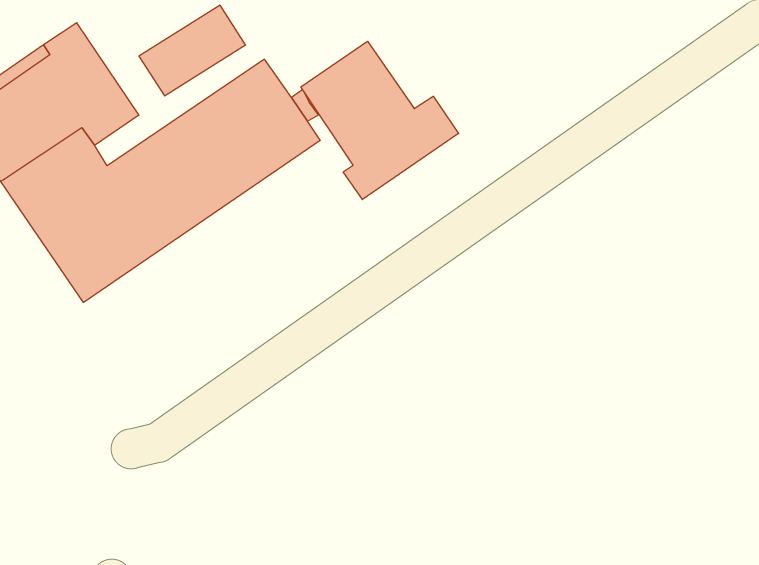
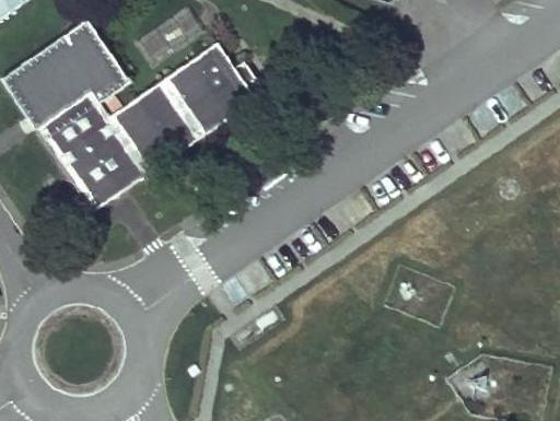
building: [301,41,459,200] -> none

